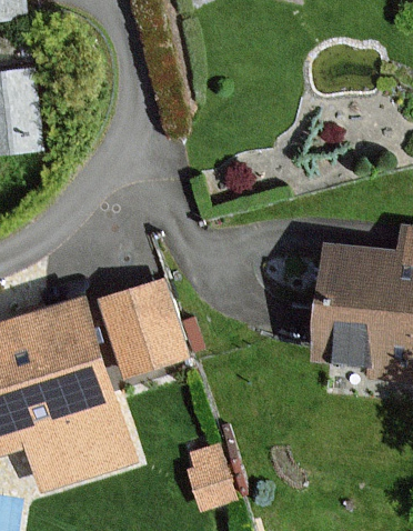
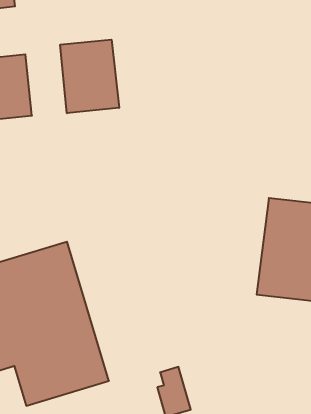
building: none -> [60,40,119,113]
building: [95,279,185,380] -> none

